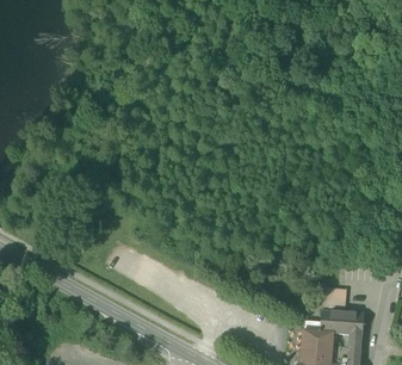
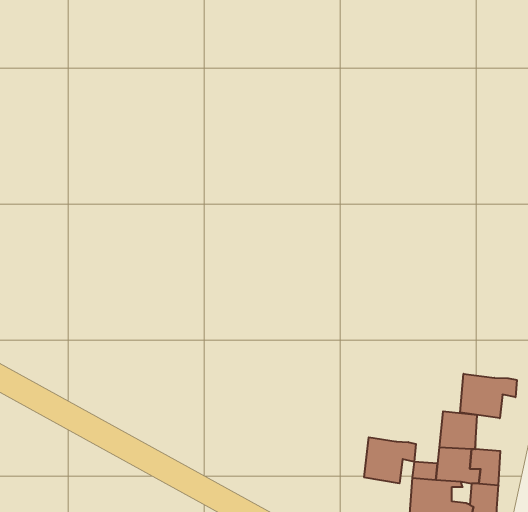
building: none -> [460,374,517,418]
building: none -> [364,437,416,483]

